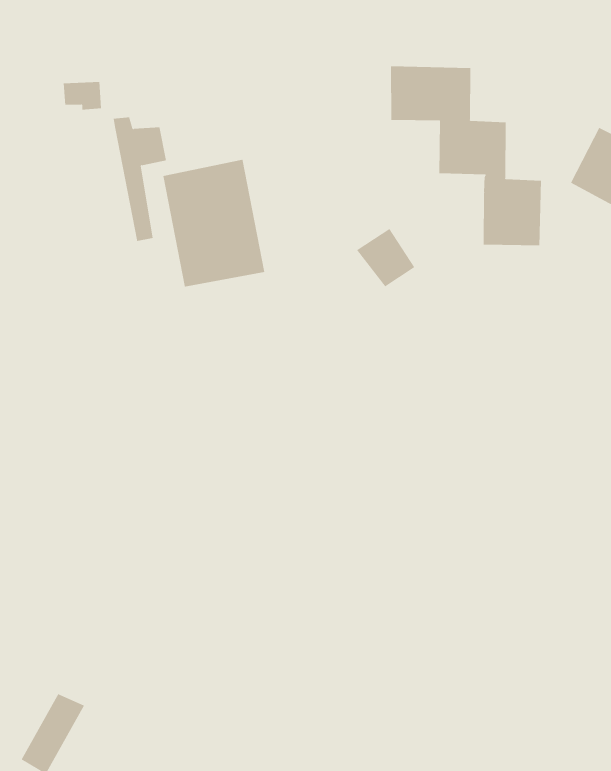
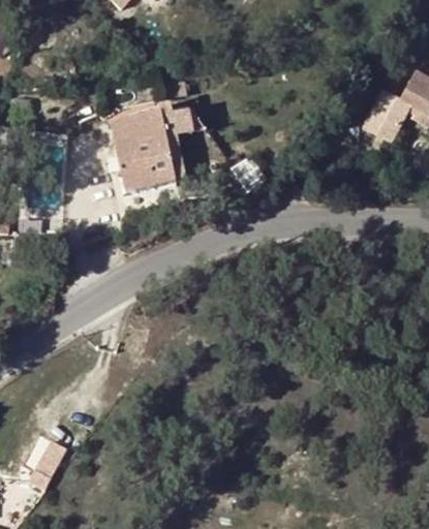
building: [391,65,541,246] -> none
building: [113,117,167,242] -> [160,104,193,181]

